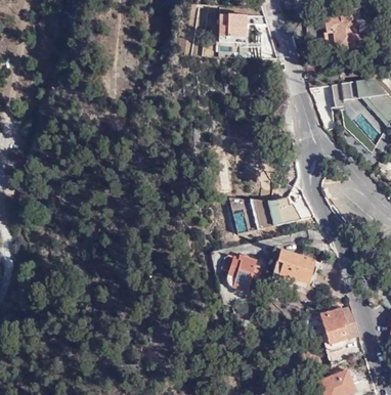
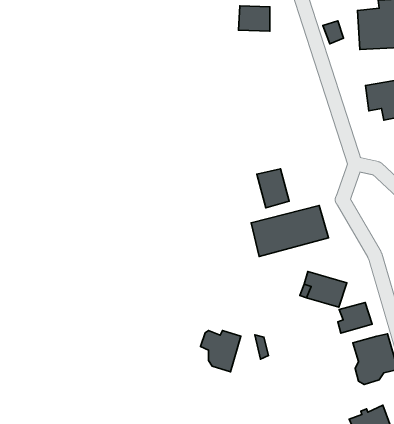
building: none -> [257,169,289,208]
building: [221,255,257,292] -> [200,330,241,372]
building: none -> [338,302,372,333]

